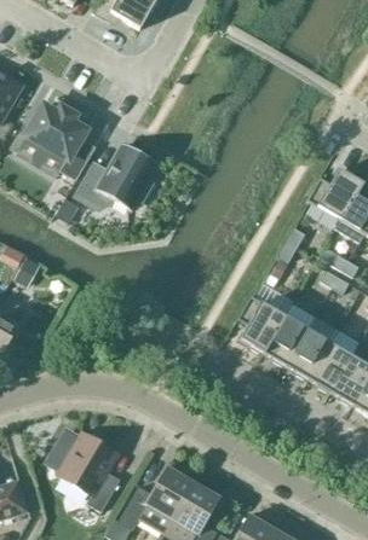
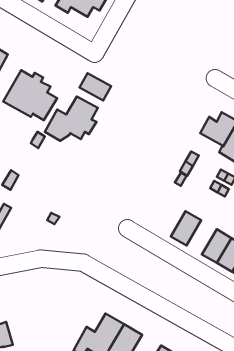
building: none -> [80,73,111,101]
building: [237,294,284,352] -> none
building: [286,327,330,378] -> none
building: [48,430,120,510] -> none

